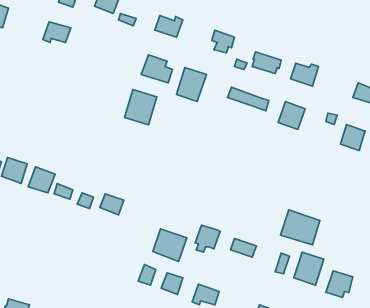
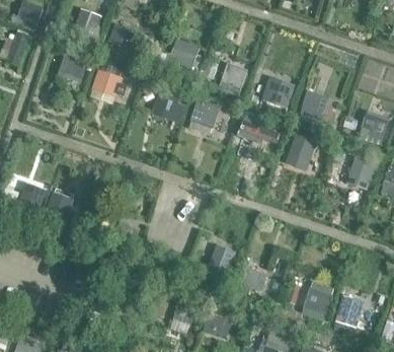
building: none -> [96,66,128,96]
building: [125,89,157,125] -> none
building: [281,210,320,245] -> none
building: [153,229,187,261] -> none

